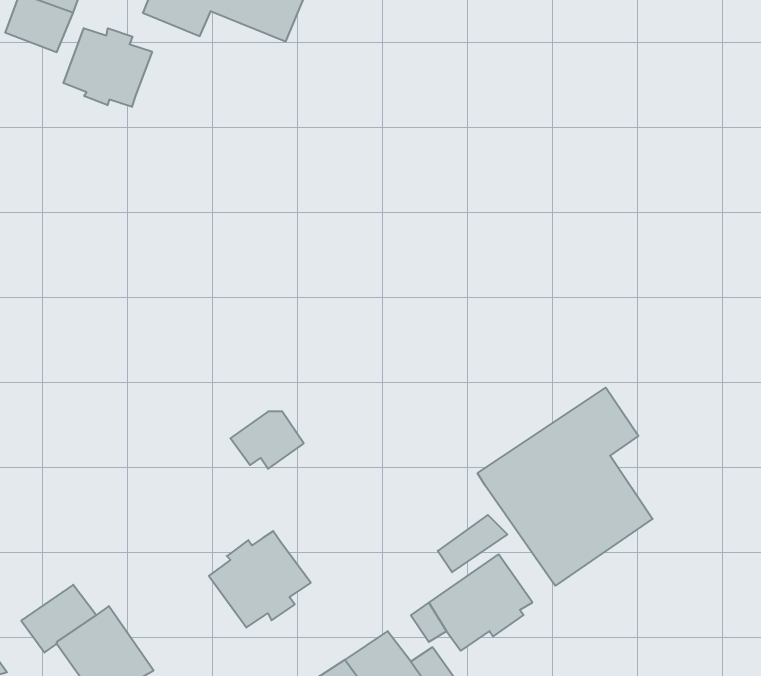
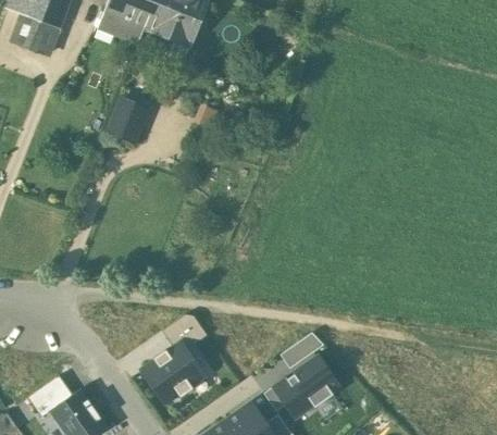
building: [64,28,152,107] -> none
building: none -> [108,99,147,141]
building: [478,388,653,586] -> none
building: [230,411,304,469] -> [161,315,206,350]

